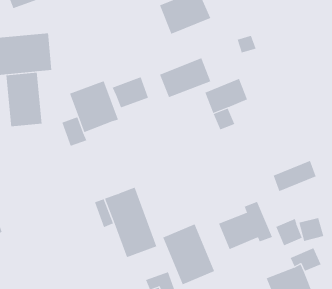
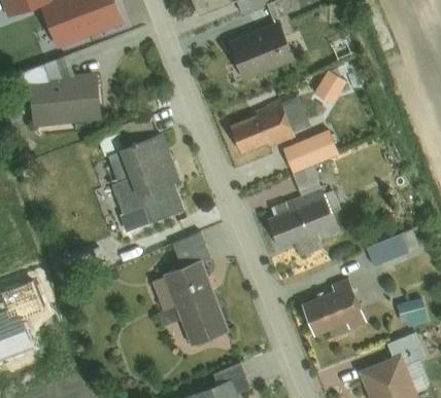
building: none -> [281,100,310,135]
building: [6,72,42,127] -> none
building: [112,77,149,108] -> [139,183,183,221]
building: none -> [270,189,339,249]
building: none -> [171,233,209,269]
building: [276,218,303,246] -> none
building: [162,223,215,285] -> none

